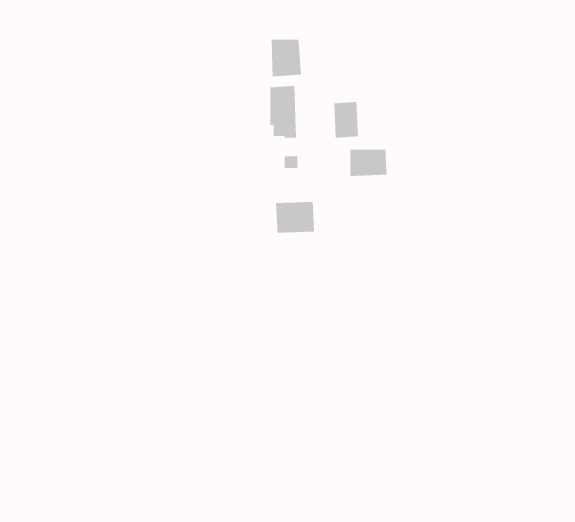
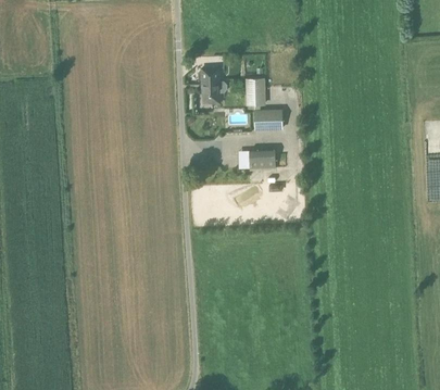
building: [271,39,302,77] -> none
building: [275,201,315,233] -> [249,150,276,172]

